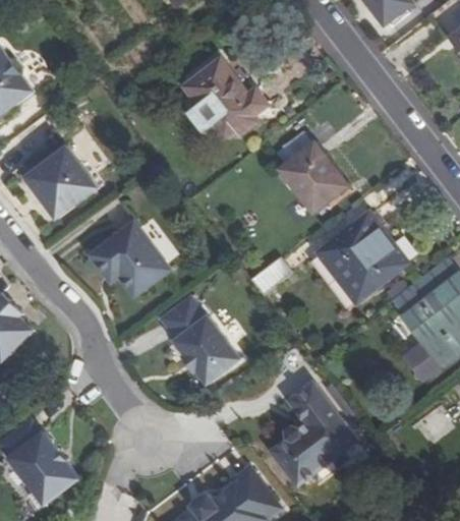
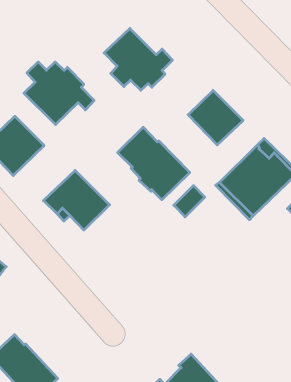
building: none -> [24,62,94,125]
building: [156,295,242,388] -> [118,127,190,200]
building: [269,383,356,488] -> none

